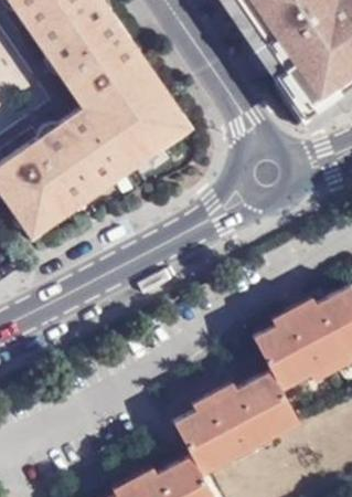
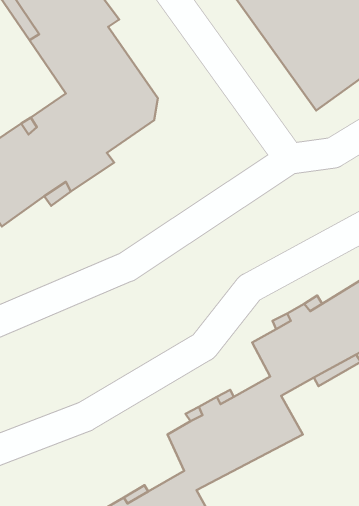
building: [120,42,177,172] -> none

